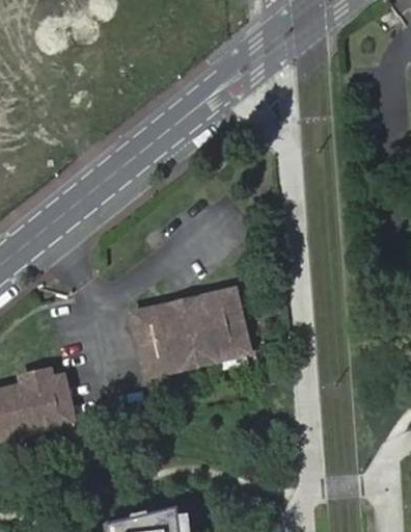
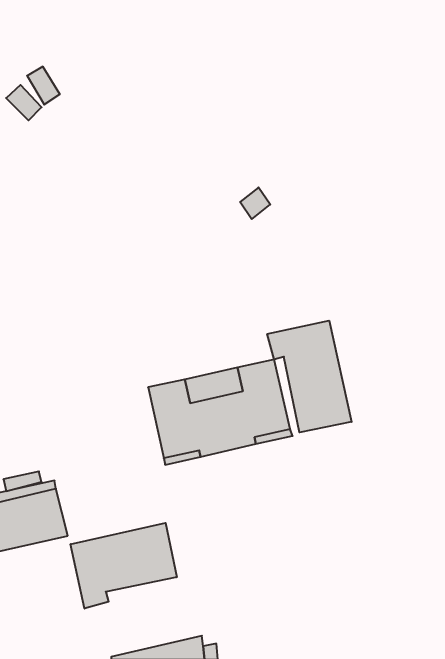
building: none -> [267,321,352,432]
building: none -> [71,523,177,609]

